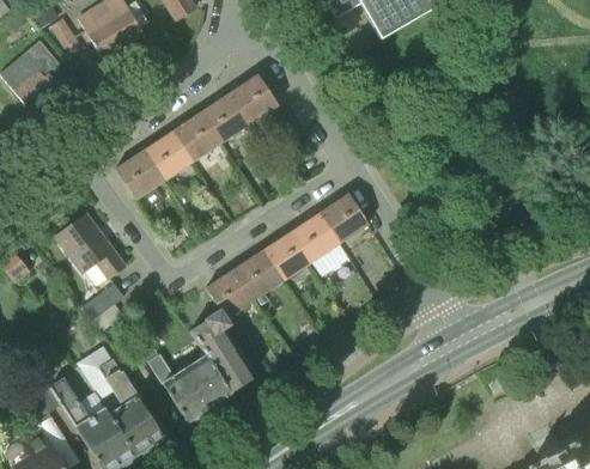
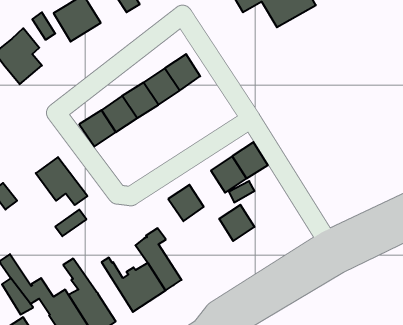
building: [263,231,311,280] -> [219,205,255,241]
building: [206,269,260,323] -> none

